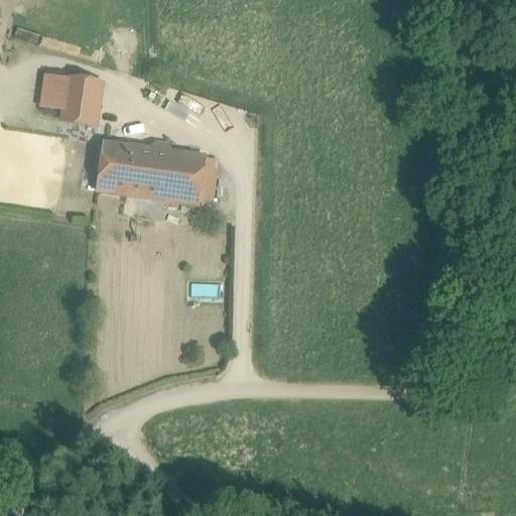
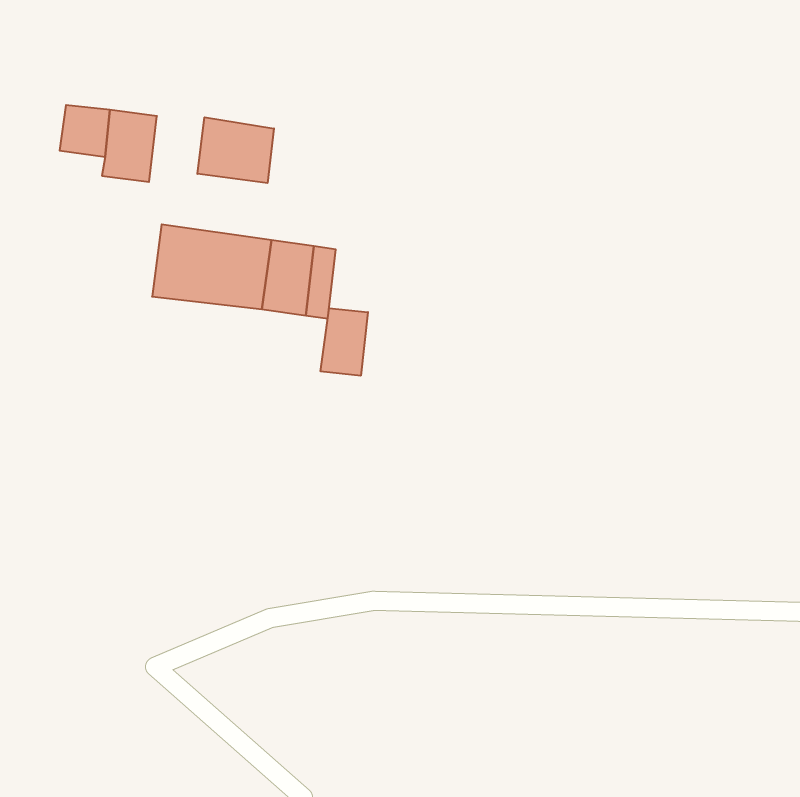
building: none -> [197,117,274,183]
building: none -> [321,308,368,376]

